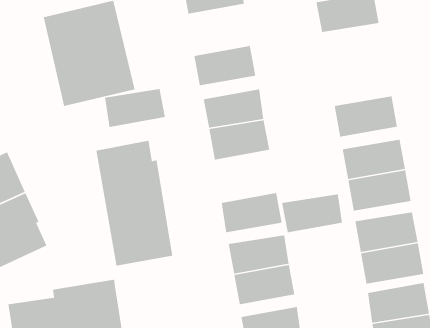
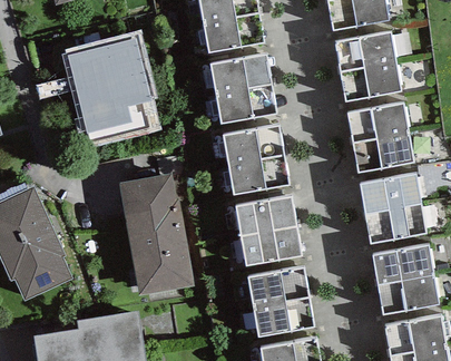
building: none -> [339,60,401,100]
building: none -> [346,100,408,140]
building: [104,88,166,128] -> [209,52,269,91]
building: [281,193,343,233] -> [235,196,295,235]

